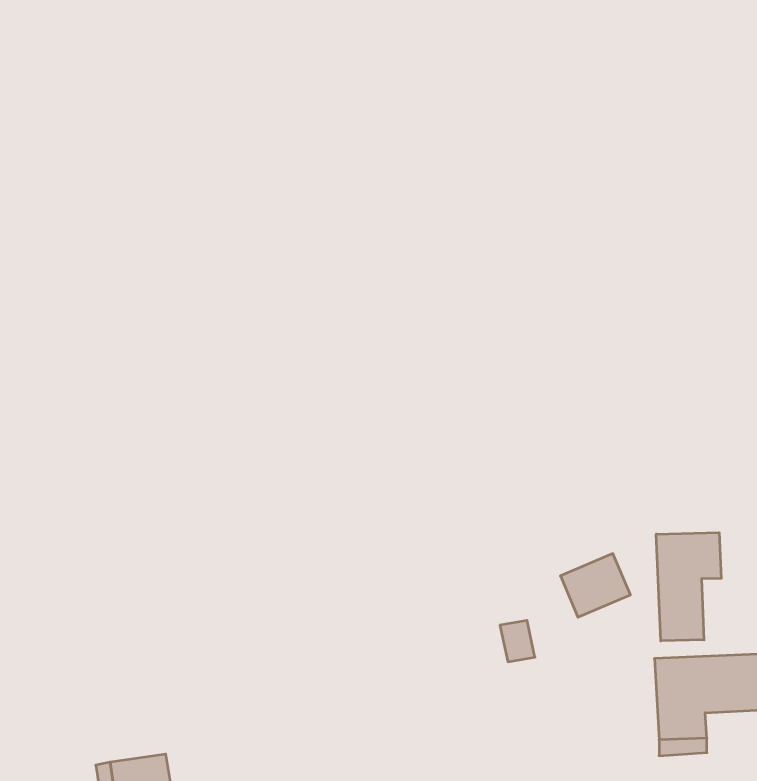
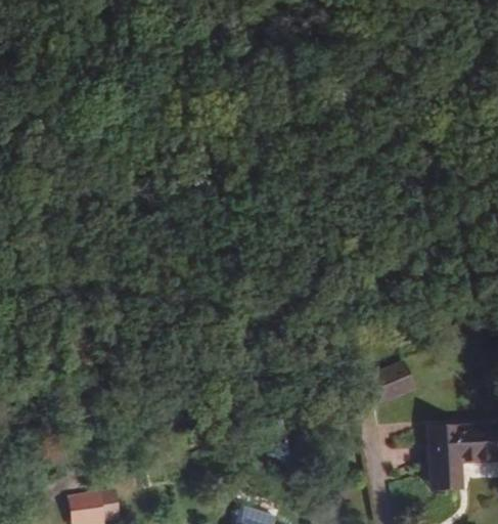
building: [656,533,721,641] -> none

